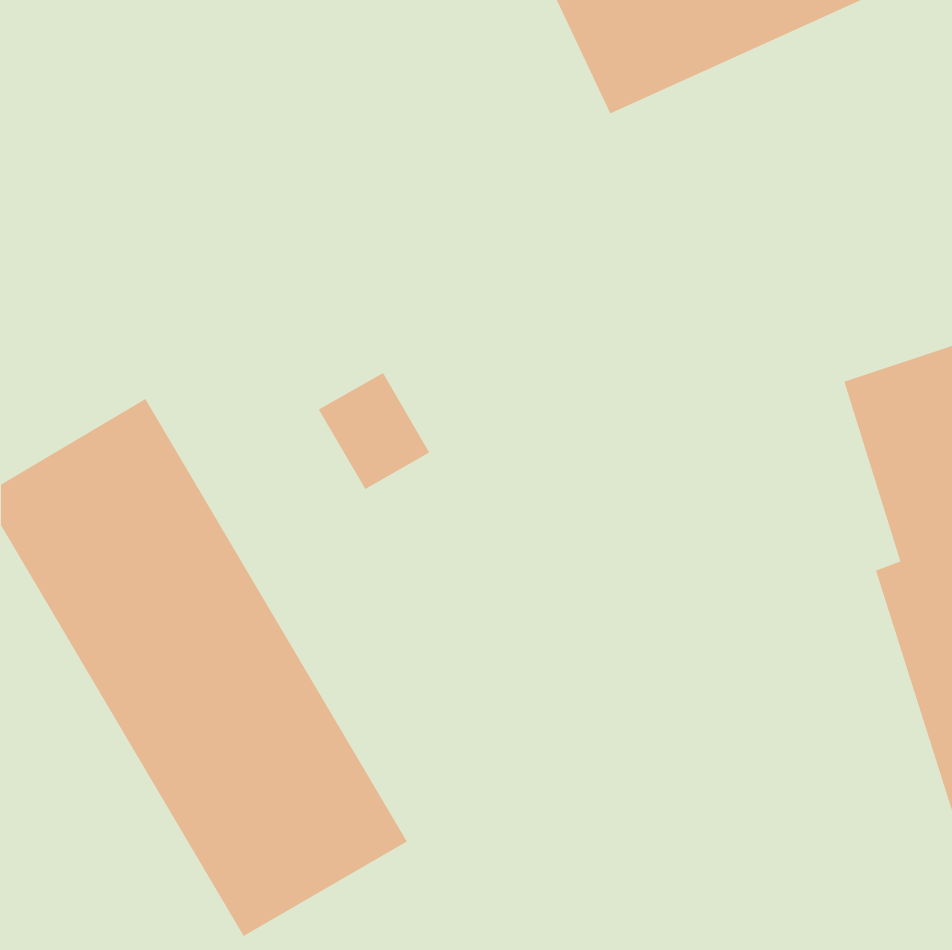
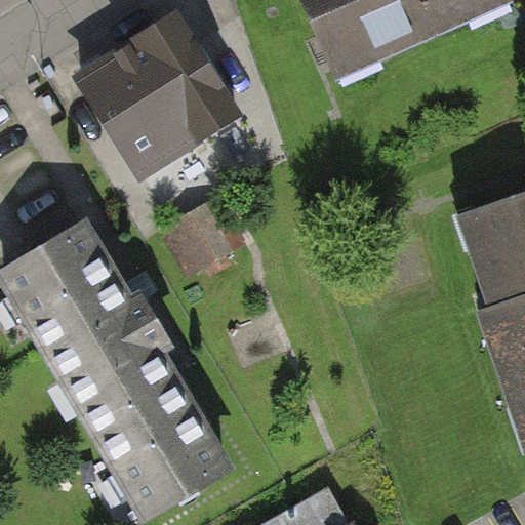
building: none -> [71,12,247,186]

